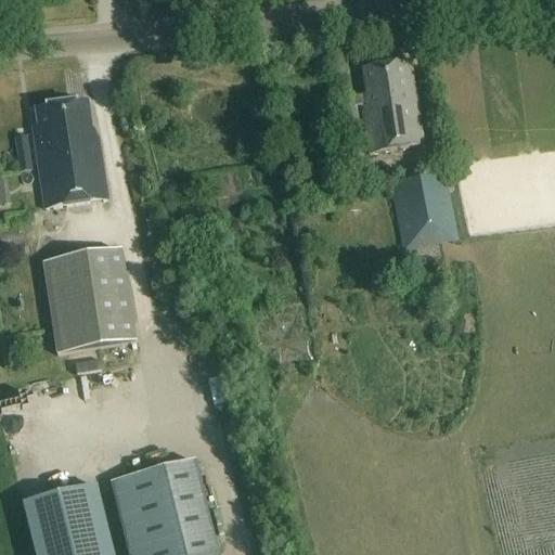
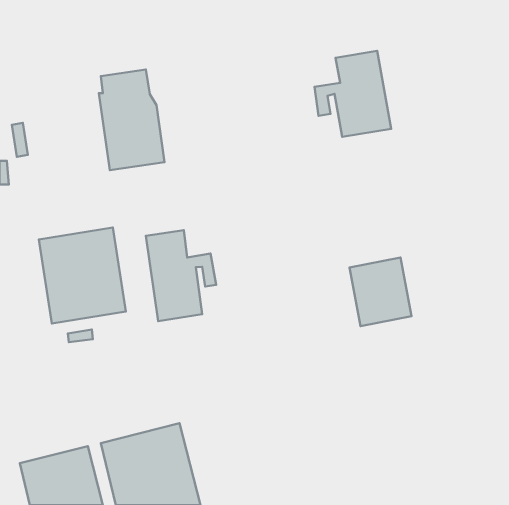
building: [36,98,107,207] -> [99,69,165,170]
building: [390,173,457,248] -> [350,257,411,326]
building: none -> [146,230,216,321]

